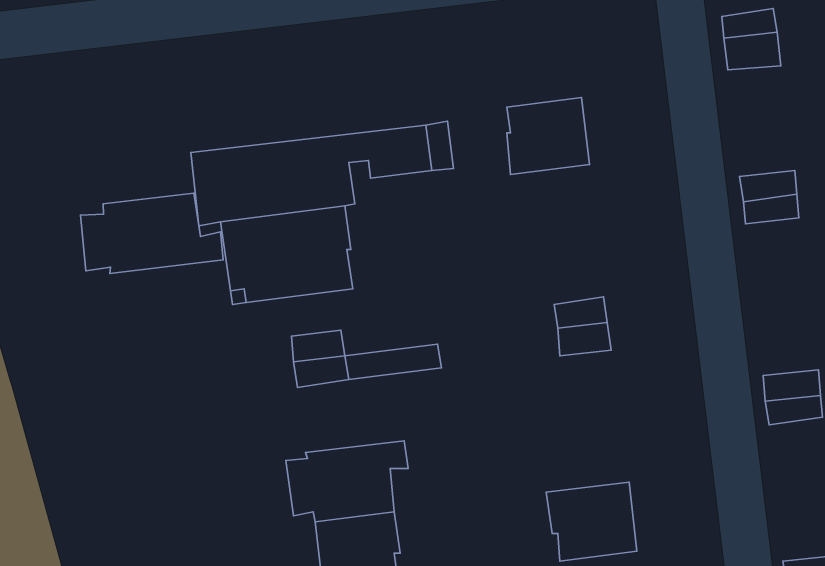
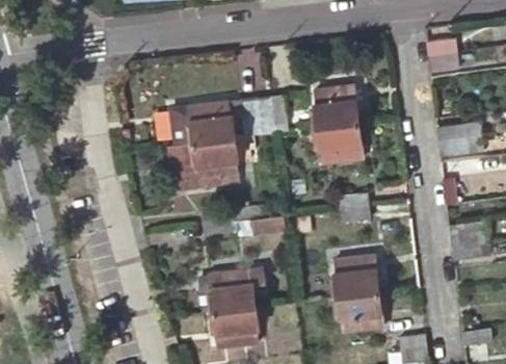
building: none -> [318,121,364,163]
building: [80,193,223,274] -> none
building: none -> [335,252,380,293]

